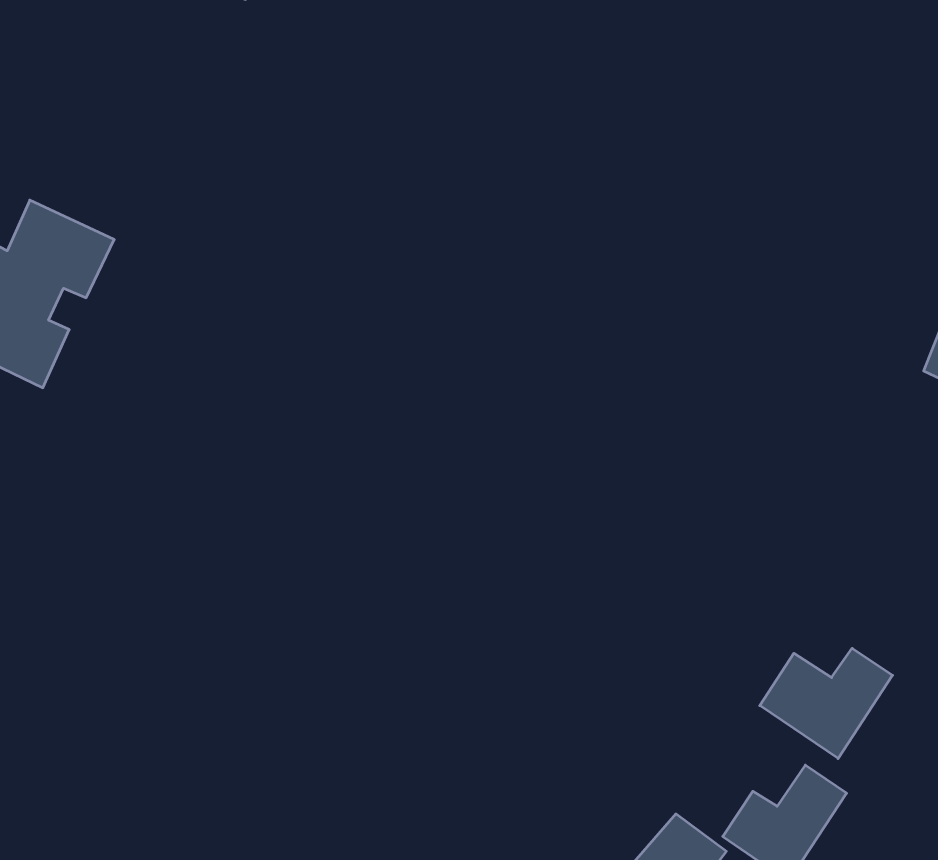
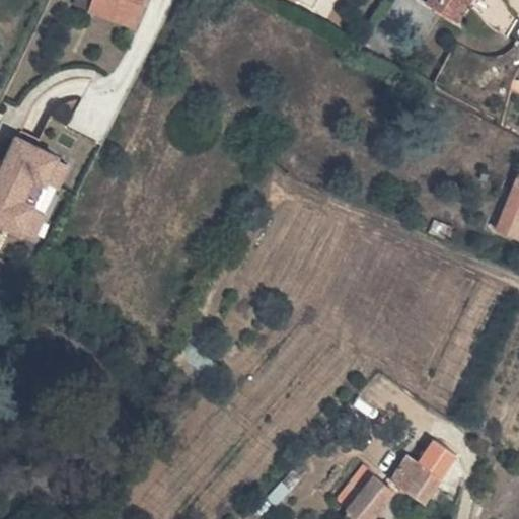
building: [760,648,893,759] -> none

